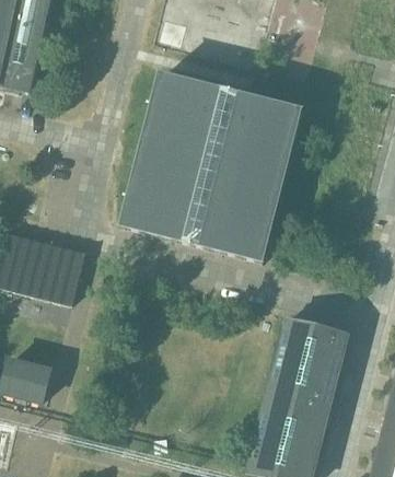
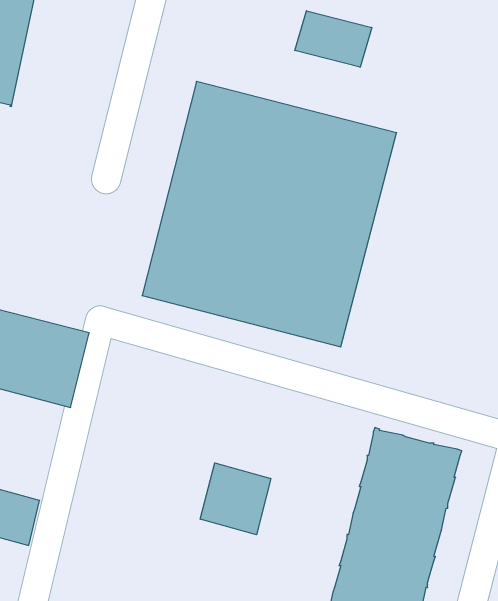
building: none -> [295,11,372,67]
building: none -> [200,463,271,535]

